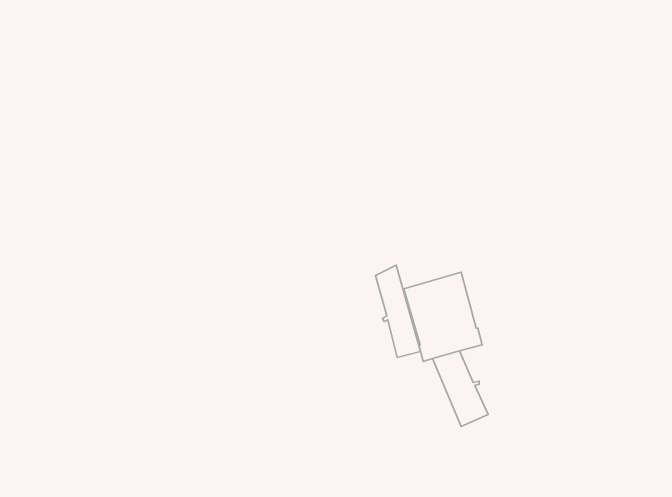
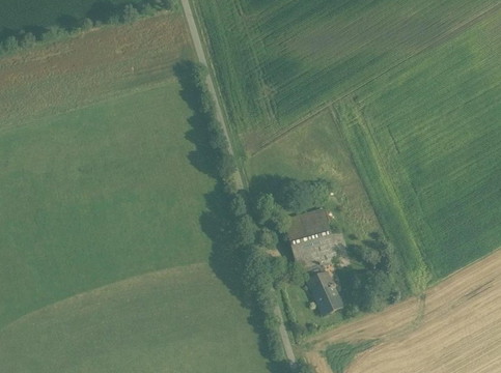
building: [376,265,421,357] -> none

